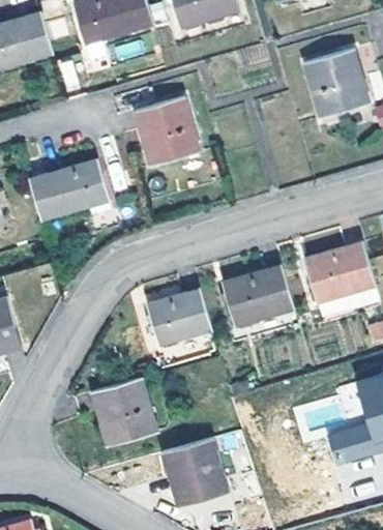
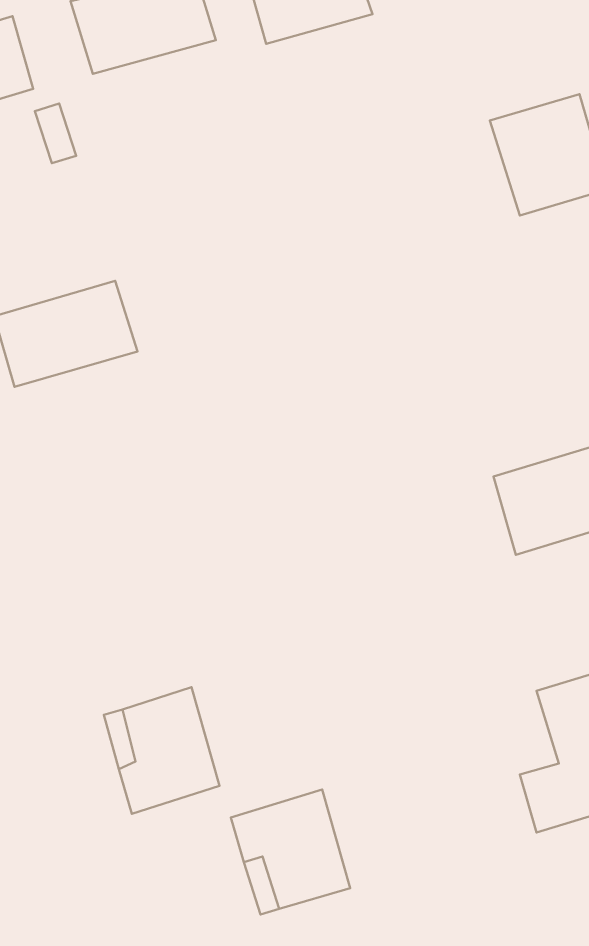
building: [137,97,203,167] -> none
building: [225,274,295,335] -> none
building: [148,292,211,349] -> none

